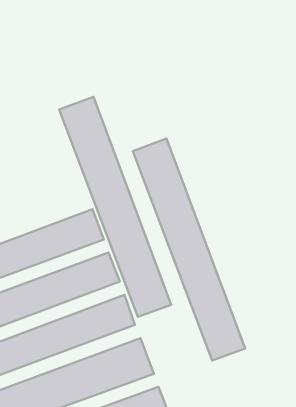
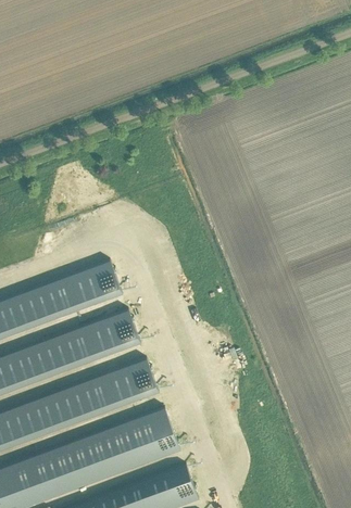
building: [59,97,171,317] -> none
building: [133,138,245,360] -> none

